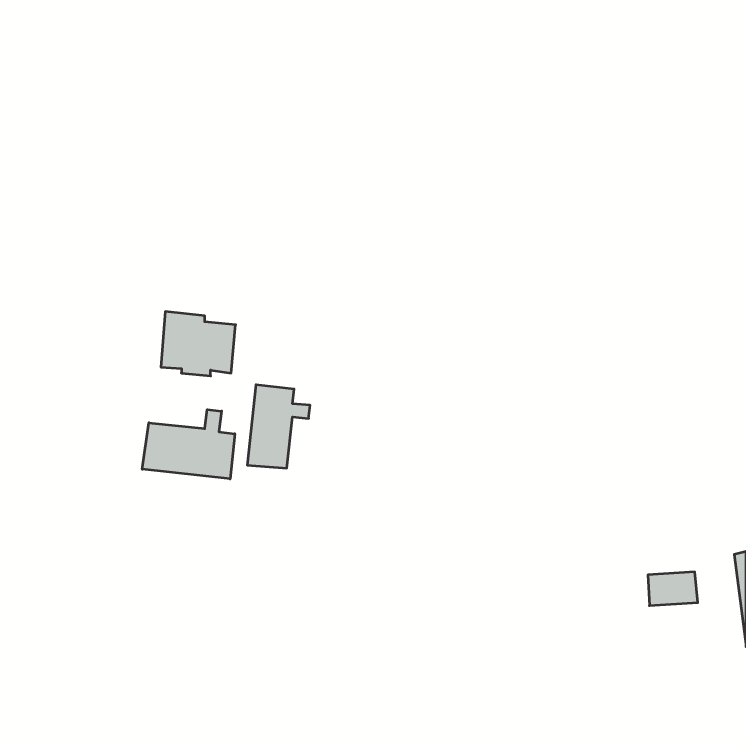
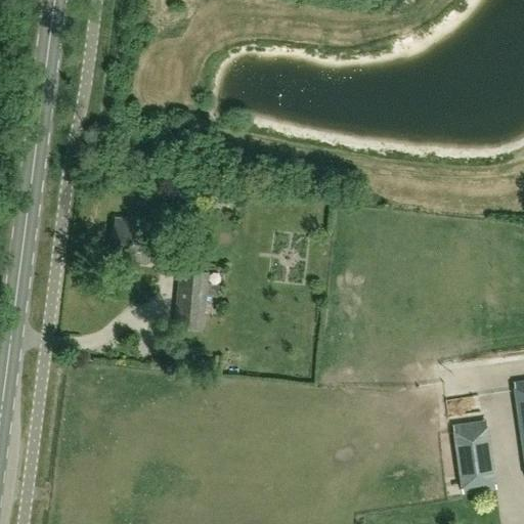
building: [142,410,235,479] -> none
building: none -> [453,427,494,486]

